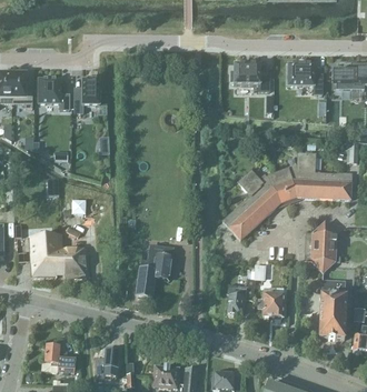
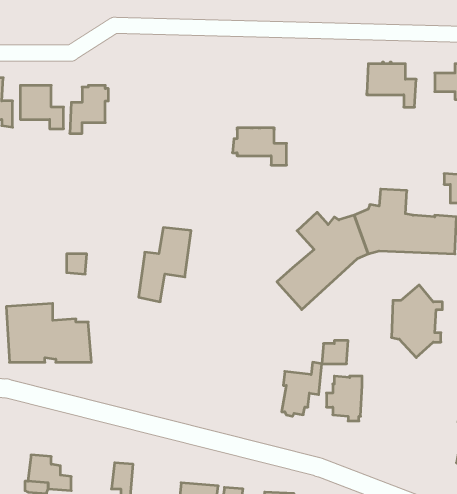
building: [231,63,270,90] -> [232,128,287,165]
building: [137,244,175,298] -> [139,228,191,302]
building: [319,279,347,338] -> none

